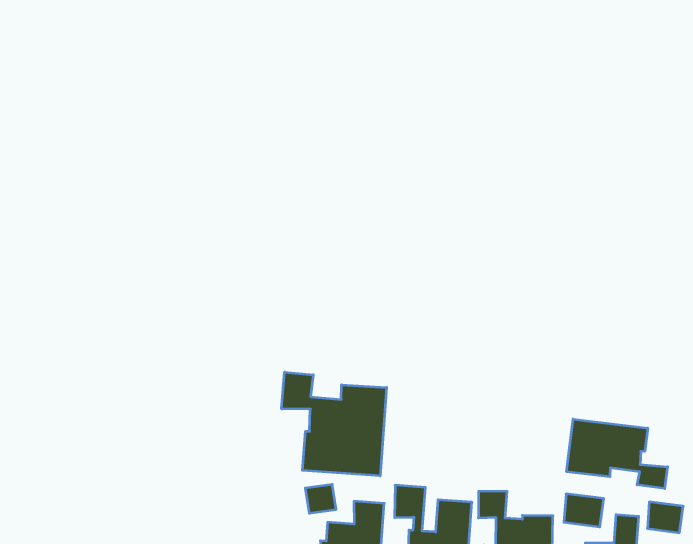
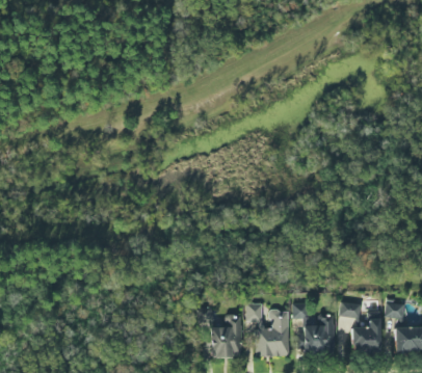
building: [282,372,387,476] -> none
building: [567,419,668,489] -> none

